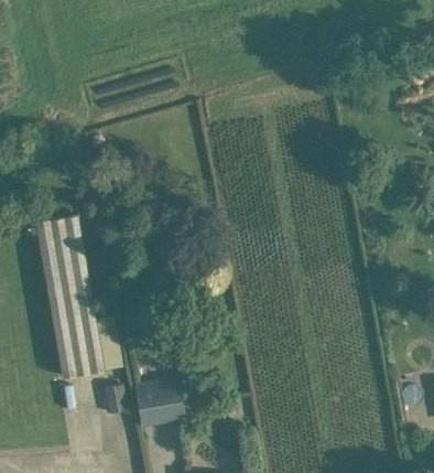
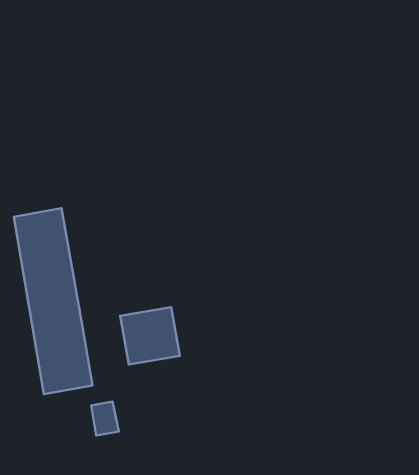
building: [134,376,187,427] -> [120,307,180,364]

